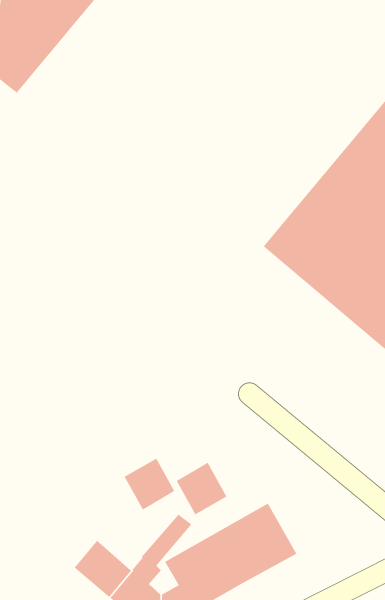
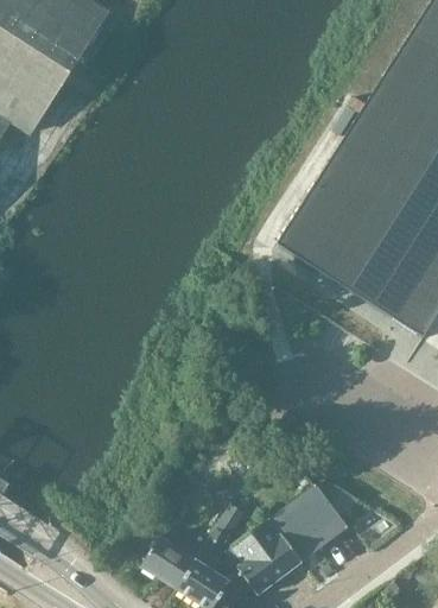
building: [124,458,175,510] -> none
building: [176,462,227,515] -> none

